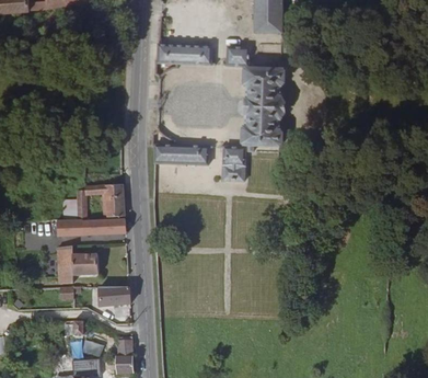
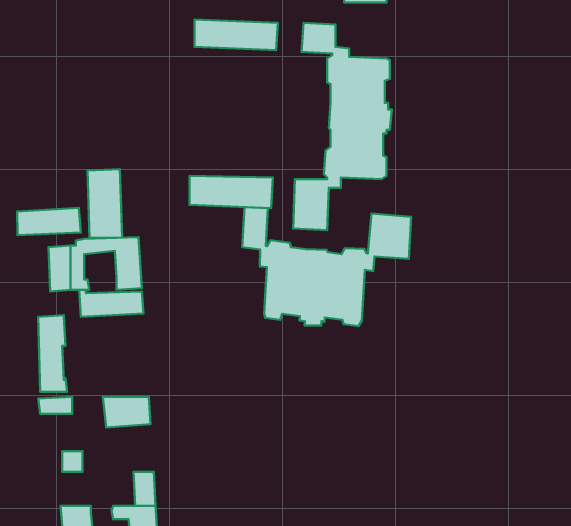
building: none -> [87,169,122,238]
building: none -> [242,207,411,326]
building: none -> [17,208,81,235]
building: [72,252,99,275] -> none

